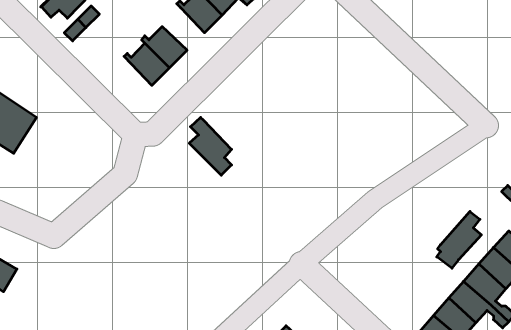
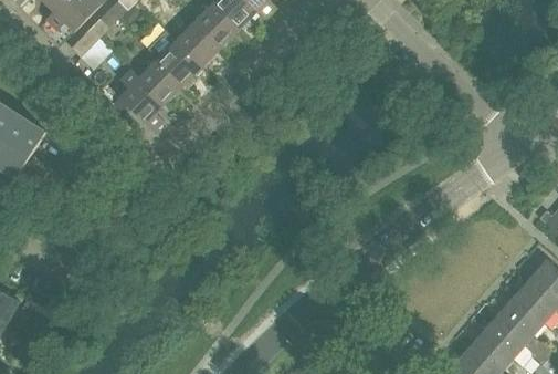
building: none -> [171,21,221,66]
building: [189,117,232,175] -> [119,70,165,132]
building: [437,211,481,268] -> none

